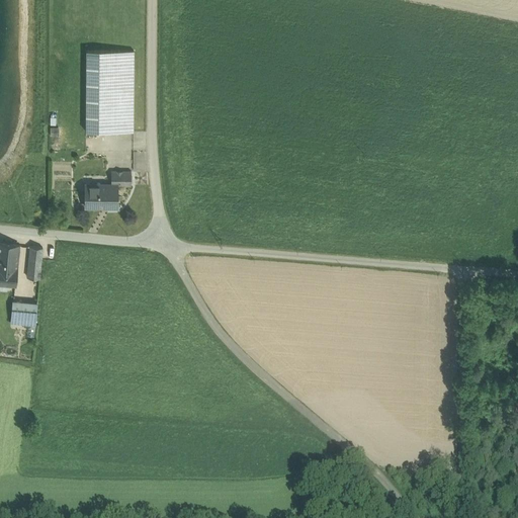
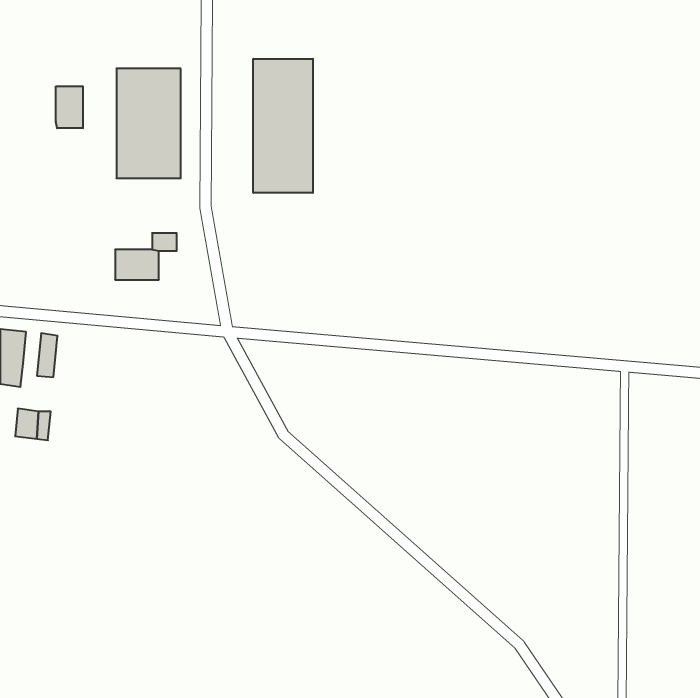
building: none -> [253,59,313,193]
building: none -> [56,86,83,128]

